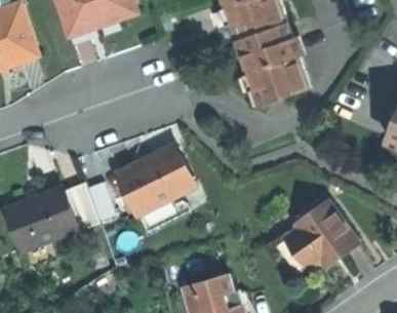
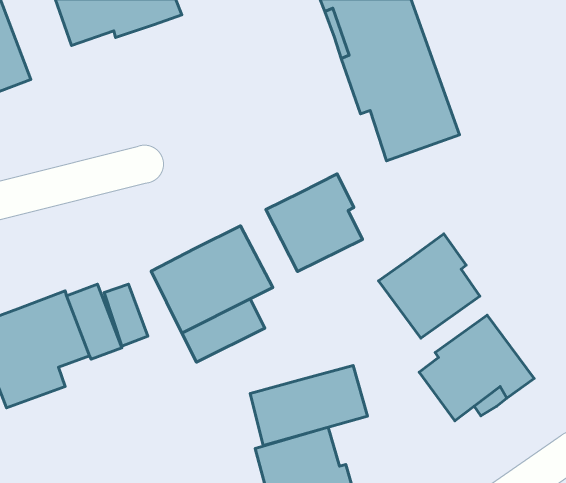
building: none -> [266,174,362,271]
building: none -> [379,234,480,338]
building: none -> [250,365,367,445]

